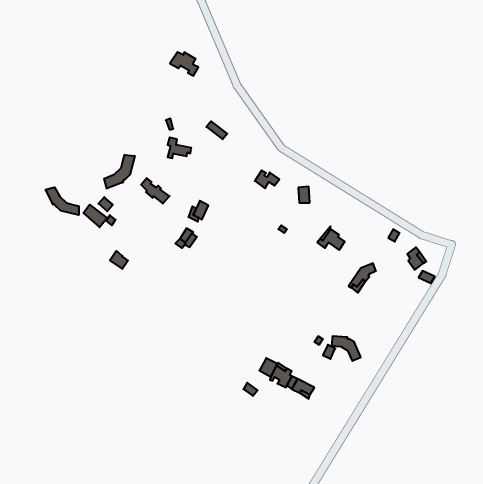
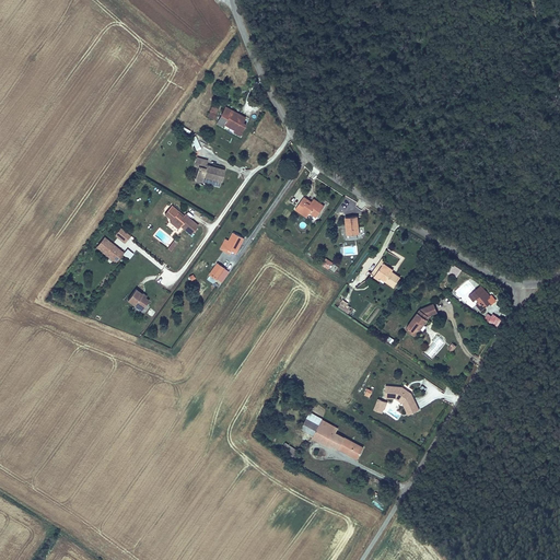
building: [170,52,198,76] -> [213,108,246,136]
building: [104,155,135,189] -> none
building: [46,187,79,215] -> none

